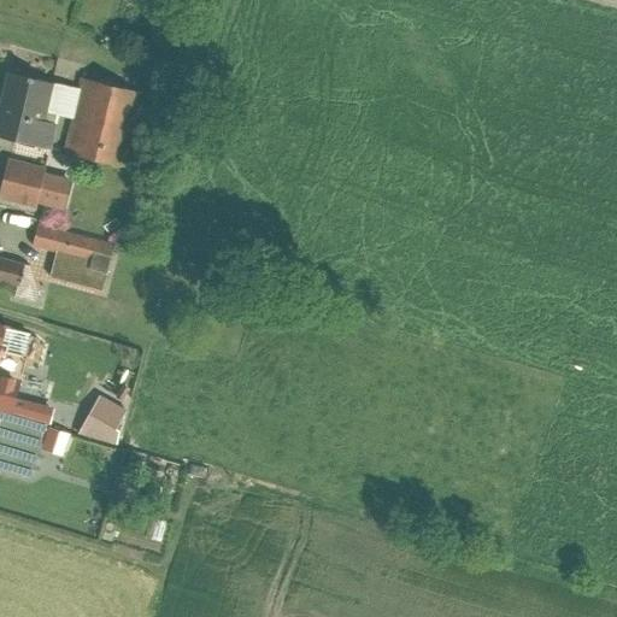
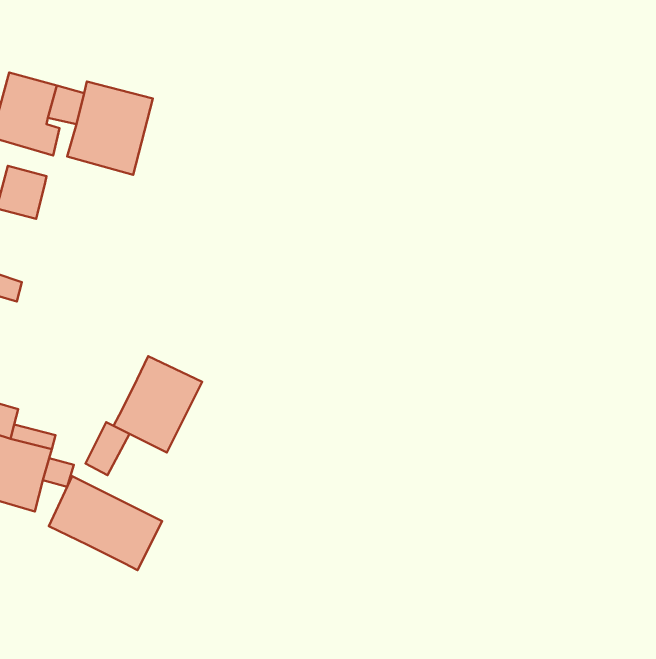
building: [35,172,69,208] -> none
building: [31,221,112,265] -> none
building: none -> [114,356,202,452]
building: none -> [49,476,162,570]

